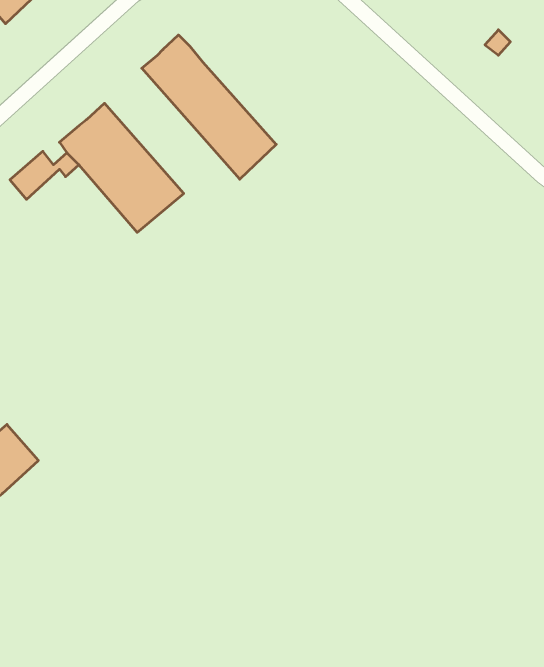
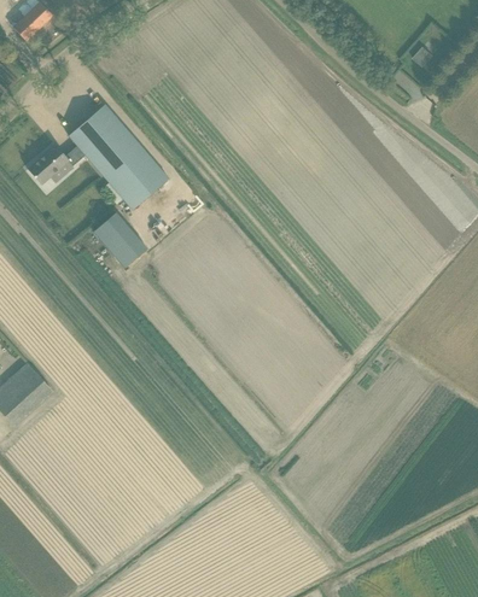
building: [142,35,276,179] -> none
building: none -> [94,205,148,259]

